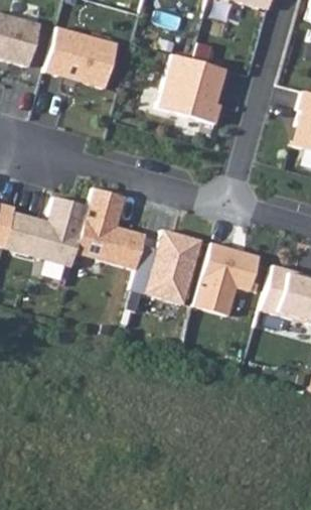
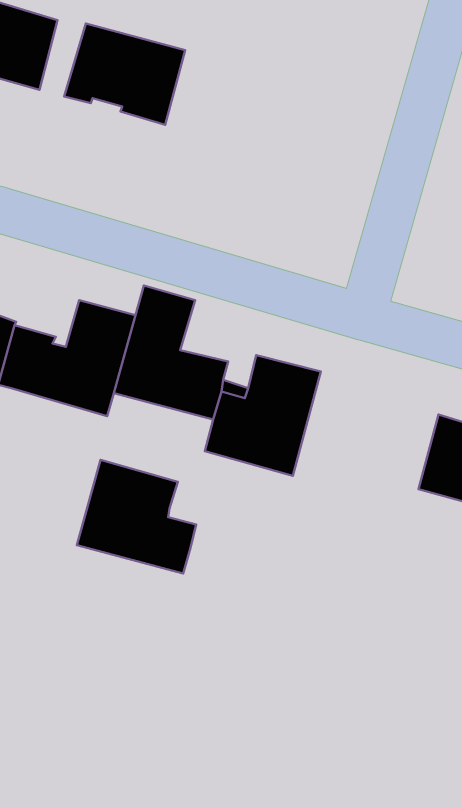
building: [158,54,226,124] -> none
building: [194,243,260,315] -> none
building: none -> [77,460,196,574]

